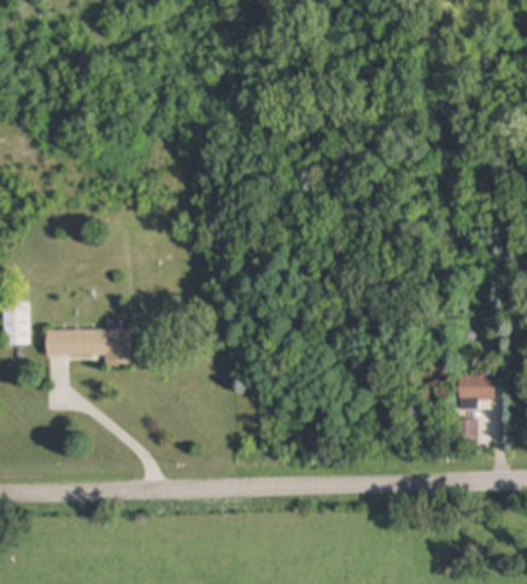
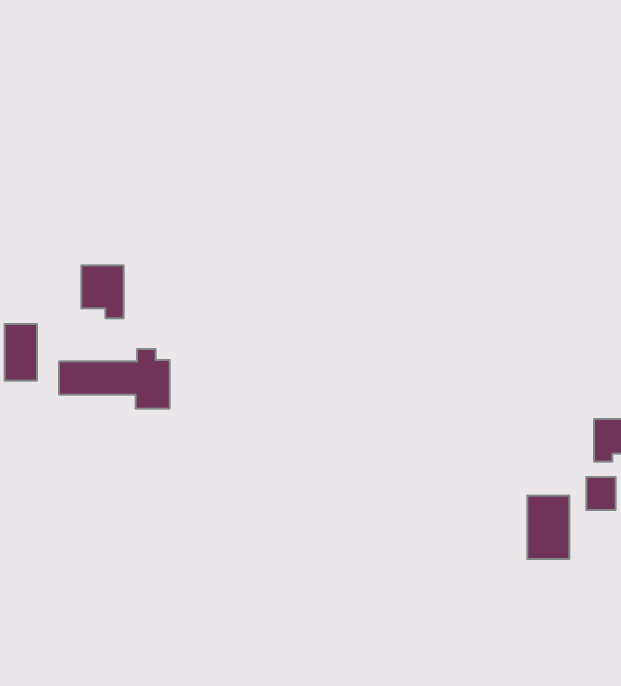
building: none -> [81,265,124,318]
building: none -> [527,495,569,559]

